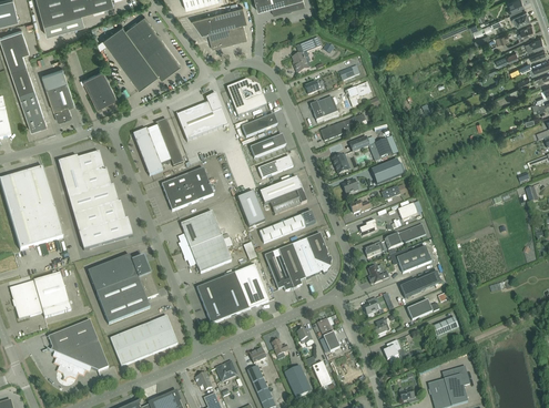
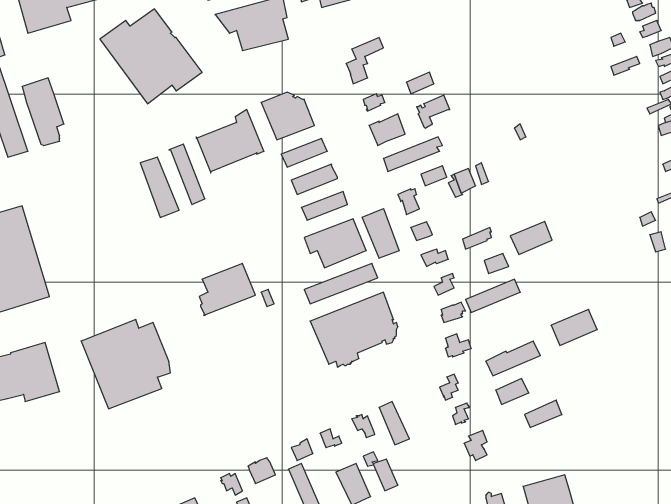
building: [82,69,115,106] -> none
building: [57,151,132,249] -> none
building: [369,159,401,184] -> [510,221,552,255]
building: [161,167,212,210] -> none
building: none -> [362,209,399,258]
building: [236,191,264,226] -> none
building: [181,235,231,272] -> none
building: [395,245,430,273] -> [551,309,597,345]
building: [195,264,267,324] -> none
building: [109,315,176,365] -> none
building: [41,319,108,378] -> none

